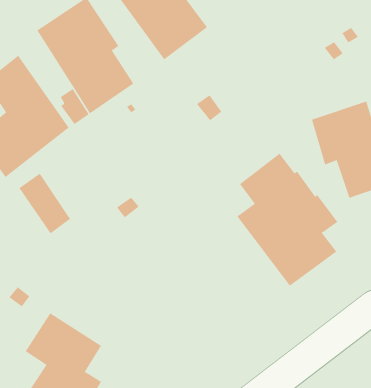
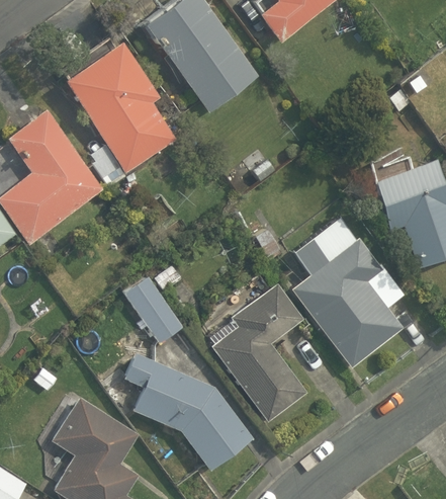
building: [19,173,71,234] -> [123,275,182,344]
building: none -> [209,283,307,422]
building: none -> [124,353,253,471]

